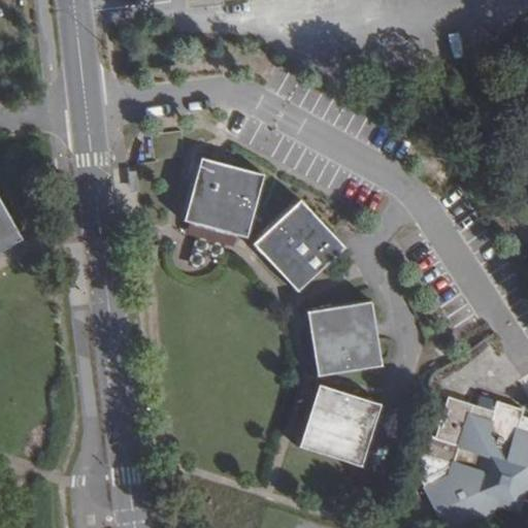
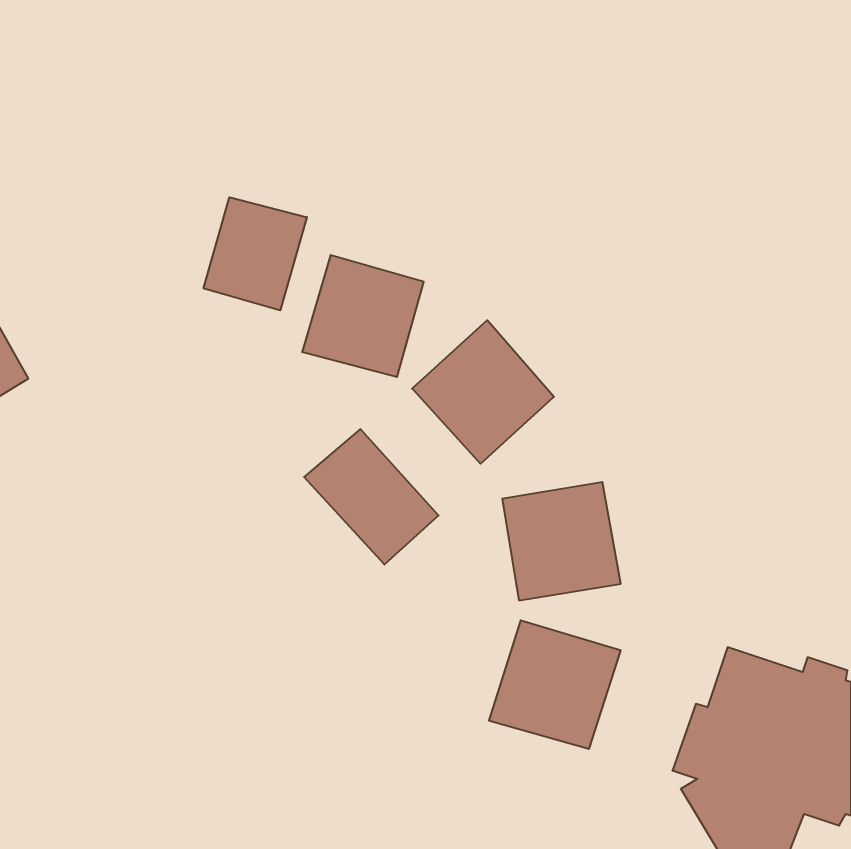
building: none -> [204,197,307,310]
building: none -> [304,429,439,565]

